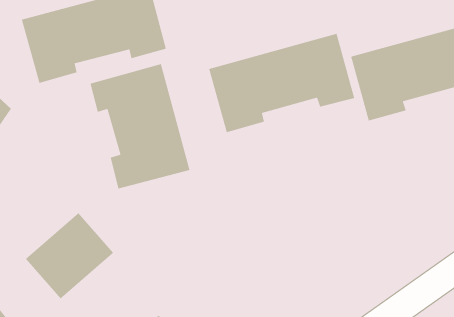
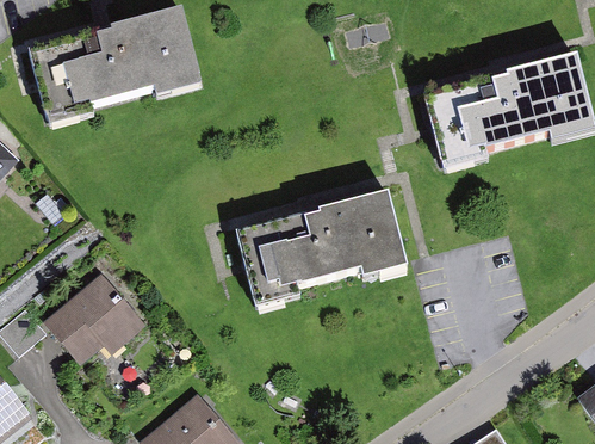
building: [208,33,355,133] -> [234,184,410,304]
building: [89,63,190,190] -> none

